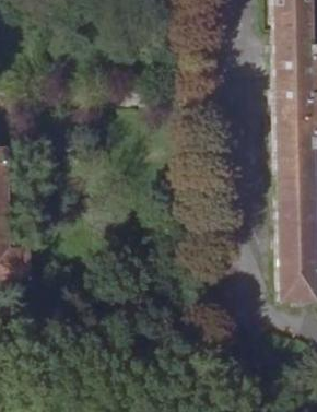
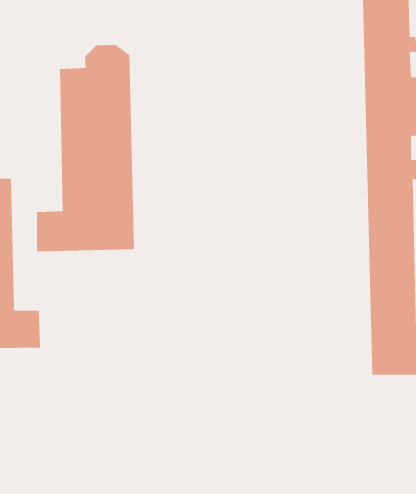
building: none -> [36,44,135,252]

